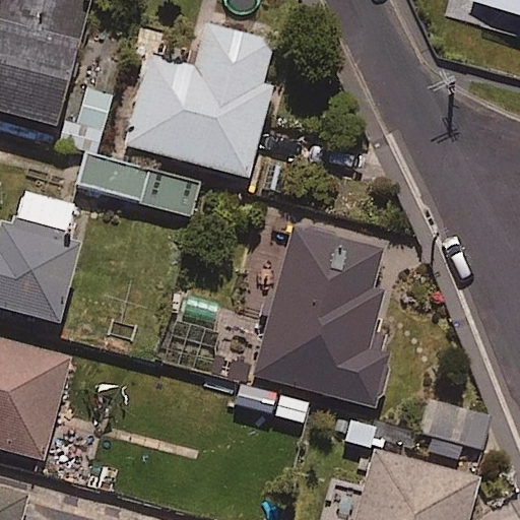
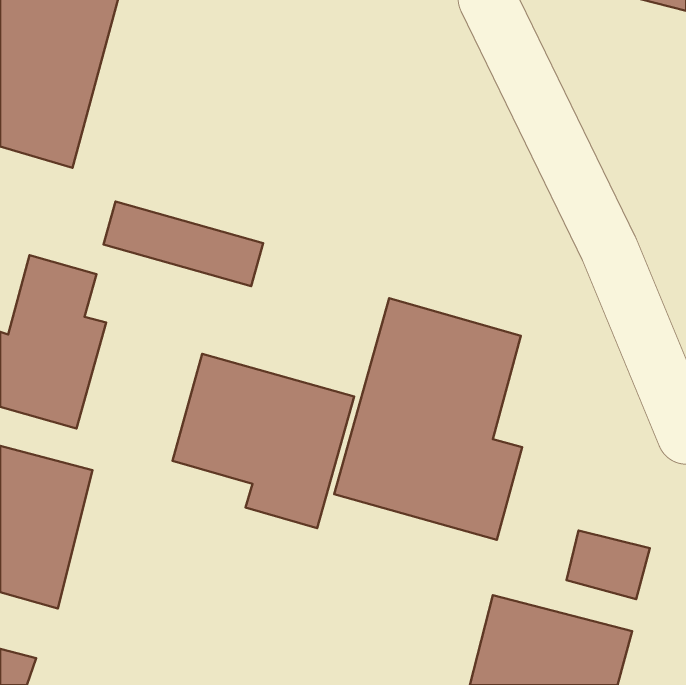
building: [126,23,273,177] -> none
building: none -> [173,354,354,528]

